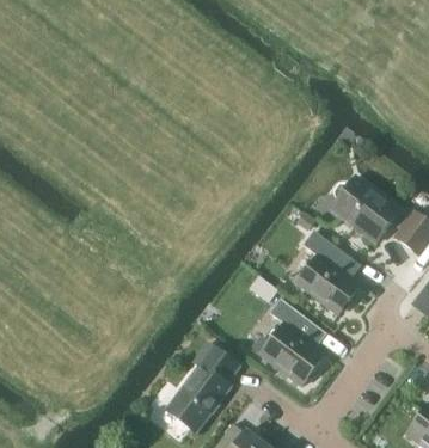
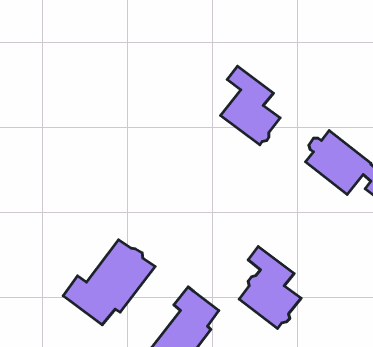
building: [296,229,360,313] -> [220,66,280,145]
building: none -> [63,240,155,325]

